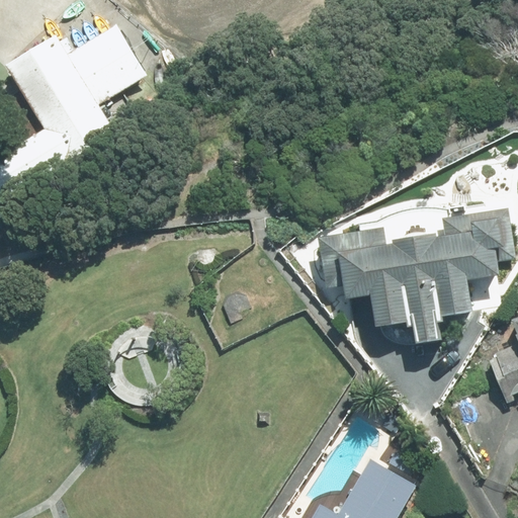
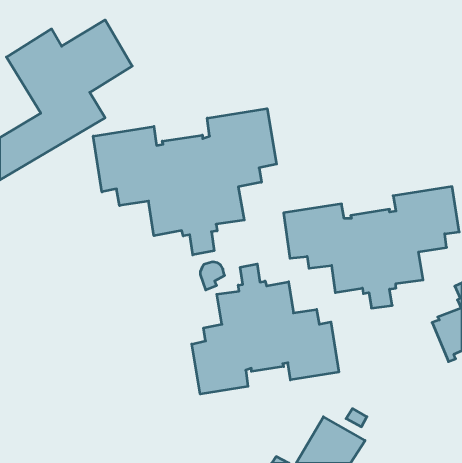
building: none -> [93,109,277,255]
building: none -> [192,264,339,394]

